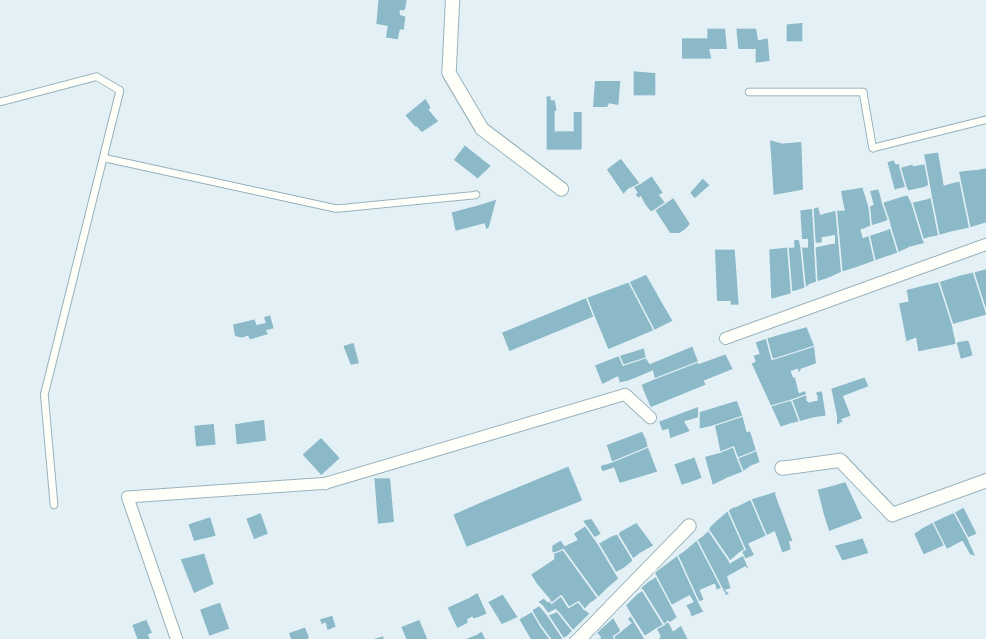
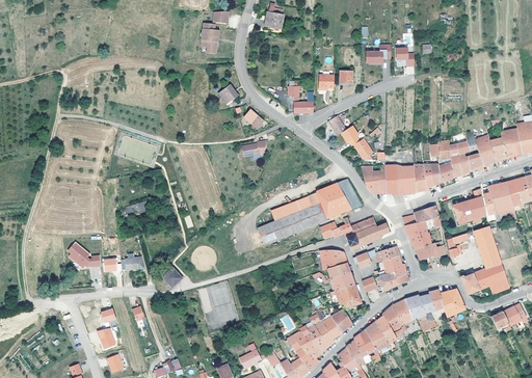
building: [769,139,804,196] -> [396,165,415,195]
building: none -> [361,165,385,193]
building: none -> [453,189,485,224]
building: none -> [459,226,508,295]
building: none -> [70,242,101,268]
building: none -> [318,250,346,271]
building: [453,466,582,547] -> [258,201,327,245]
building: none -> [329,285,361,309]
building: none -> [418,290,443,328]

